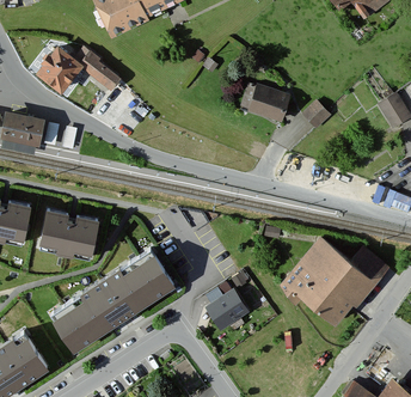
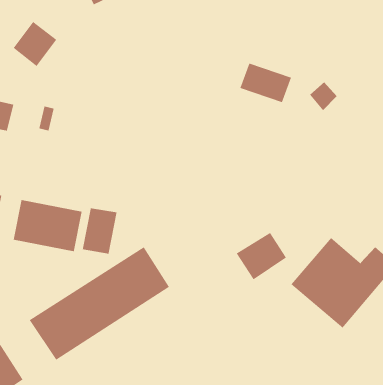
building: [80,53,119,90] -> none
building: none -> [82,207,117,254]
building: [203,289,249,332] -> [236,232,287,280]

